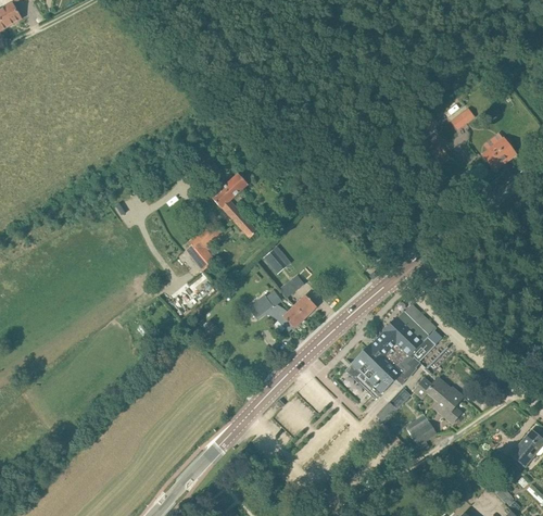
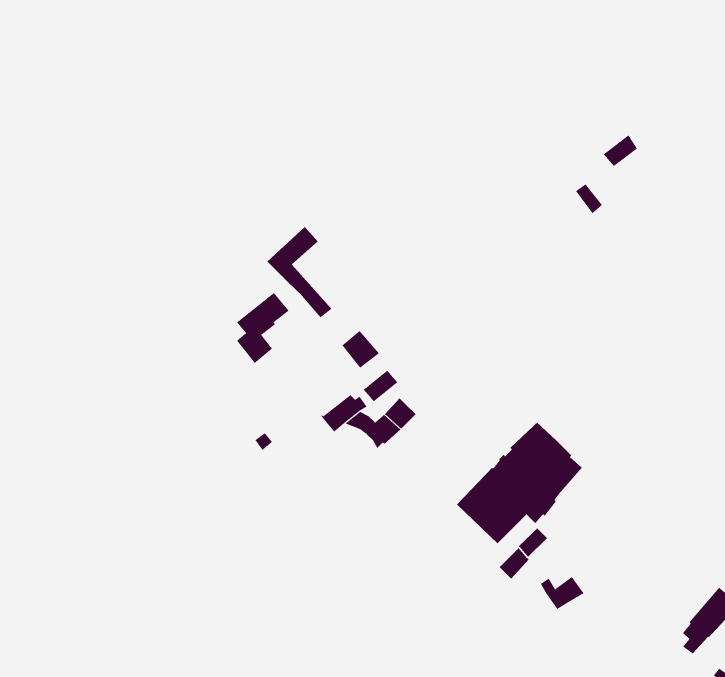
building: [482,137,516,169] -> none
building: [414,377,463,421] -> none

